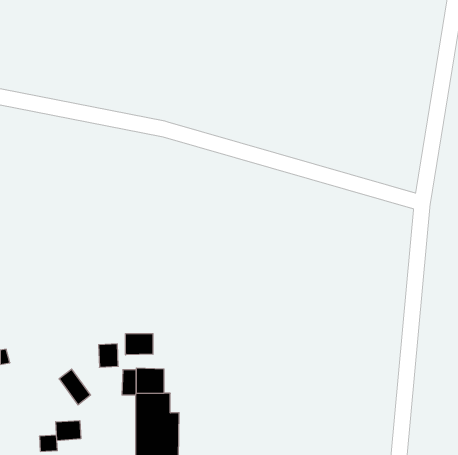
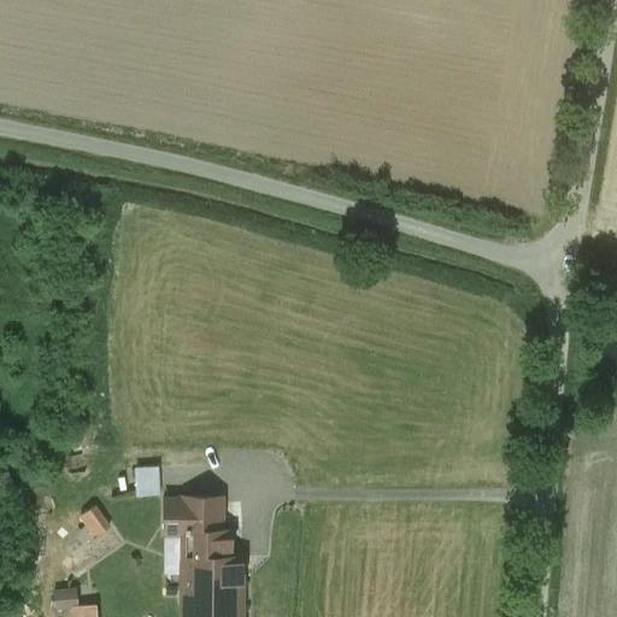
building: [126,334,153,355] -> none
building: [56,421,81,441] -> none

